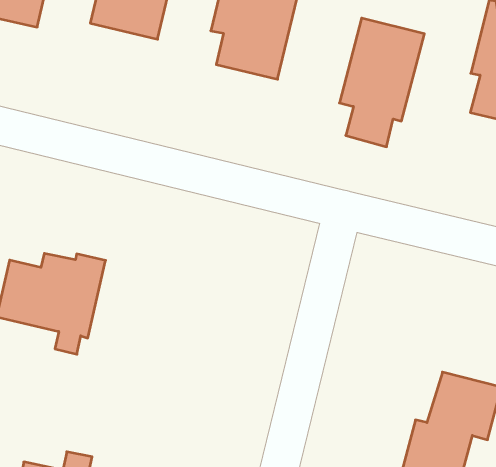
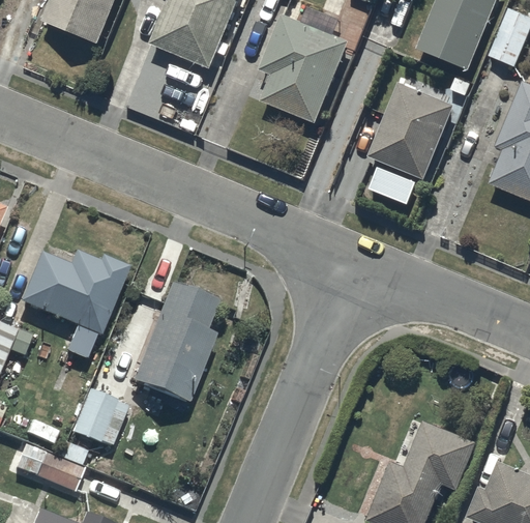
building: none -> [130,284,215,404]
building: none -> [70,388,126,446]

